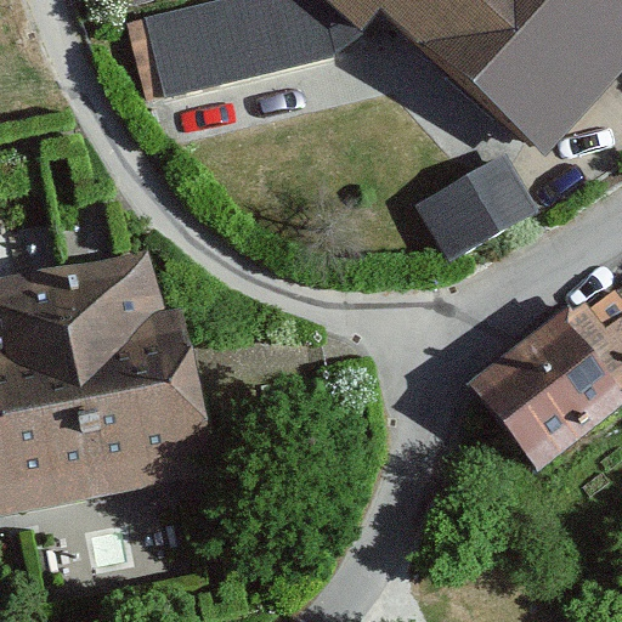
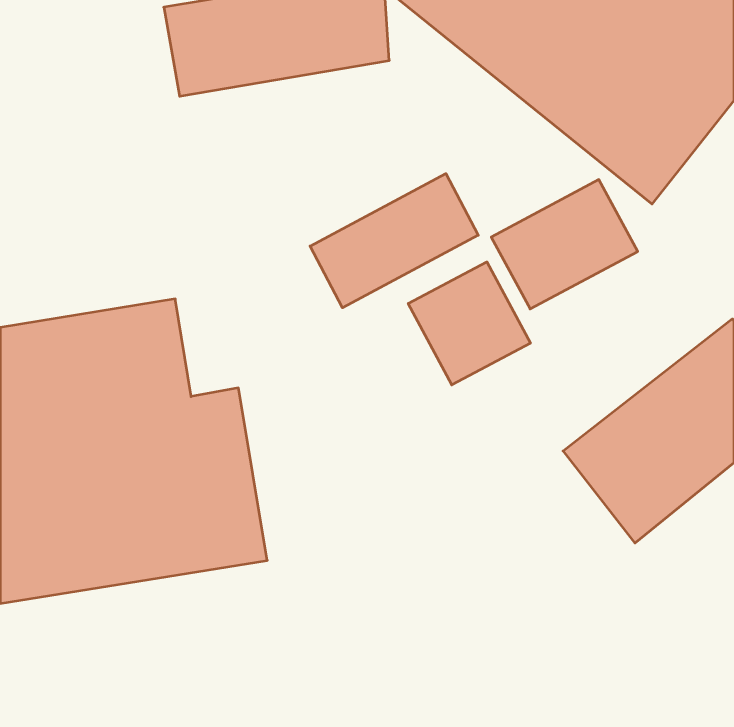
building: none -> [310,174,478,308]
building: none -> [408,262,530,385]

